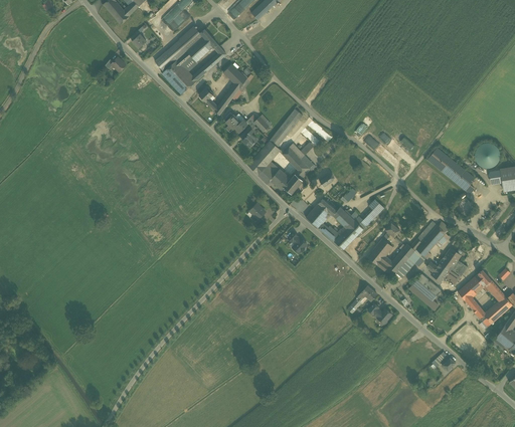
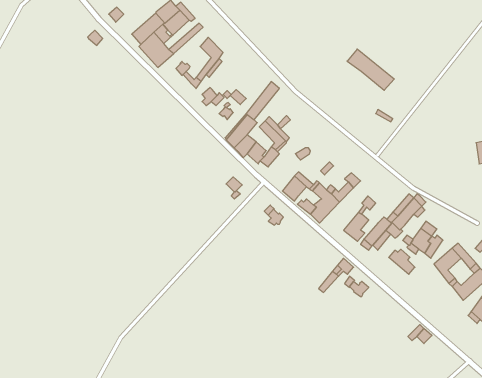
building: [475,143,500,169] -> none
building: [427,149,475,190] -> [347,49,394,90]

